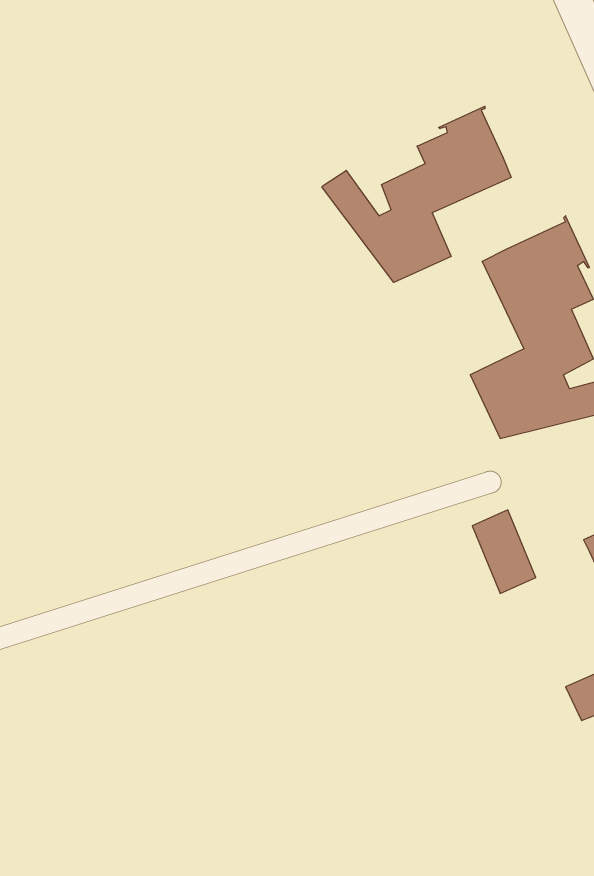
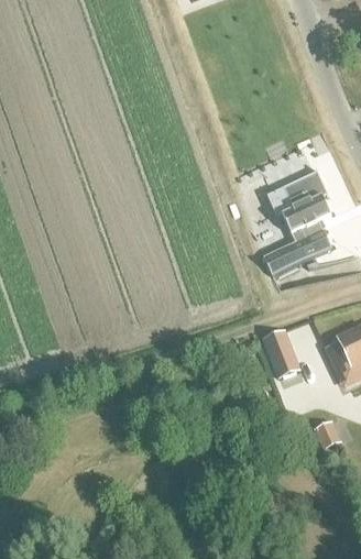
building: [322,106,511,282] -> none

